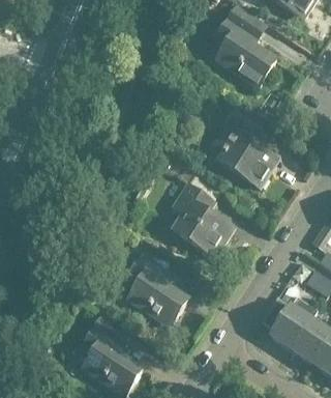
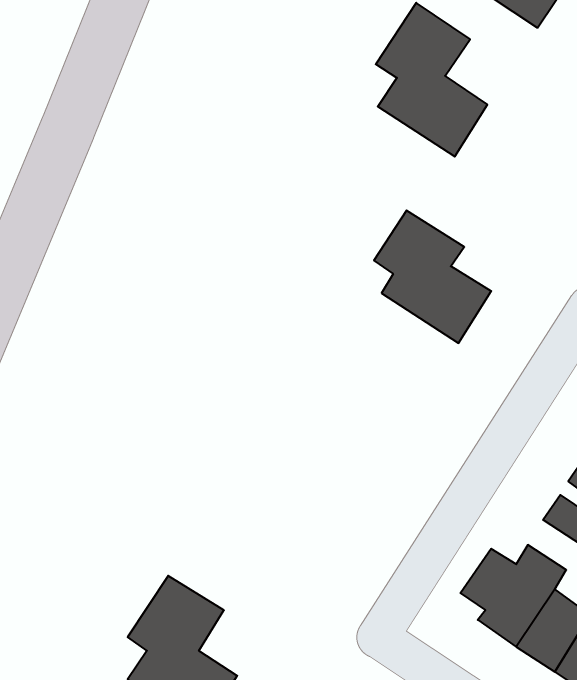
building: [172,184,233,256] -> none
building: [127,253,187,324] -> none

